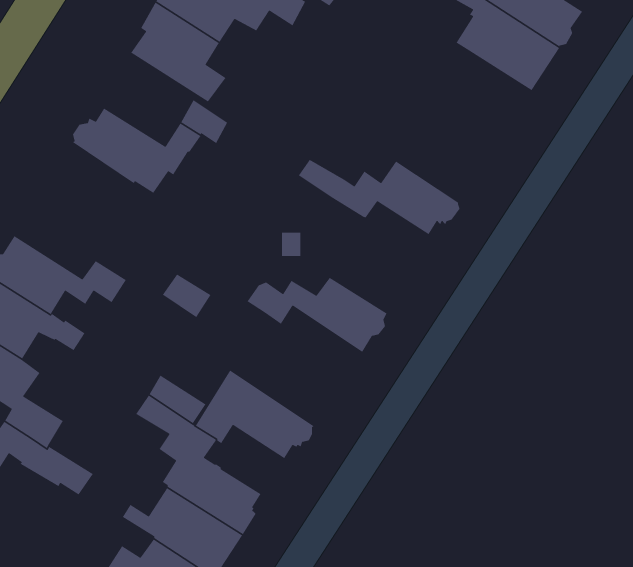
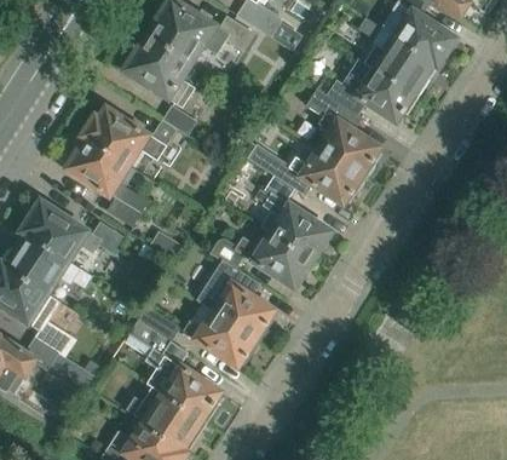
building: none -> [340,68,419,121]
building: none -> [307,88,380,178]
building: none -> [63,134,148,225]
building: none -> [261,176,332,259]
building: none -> [198,259,273,341]

